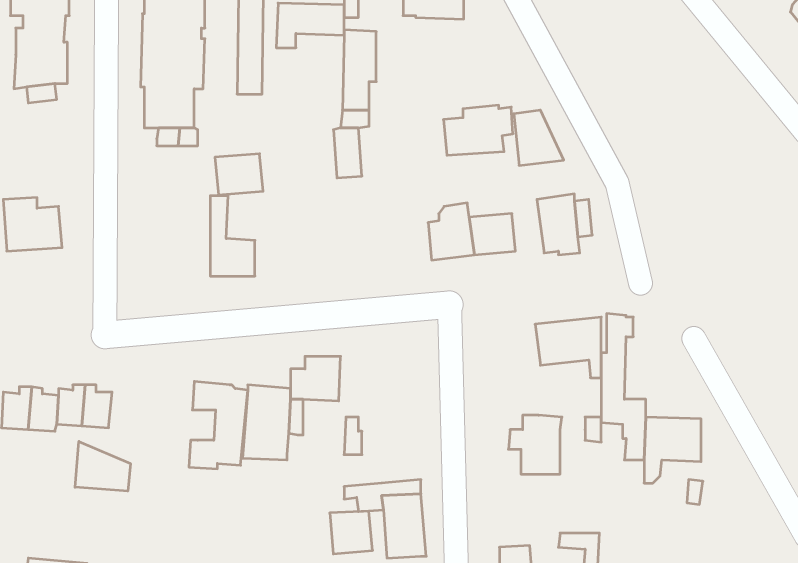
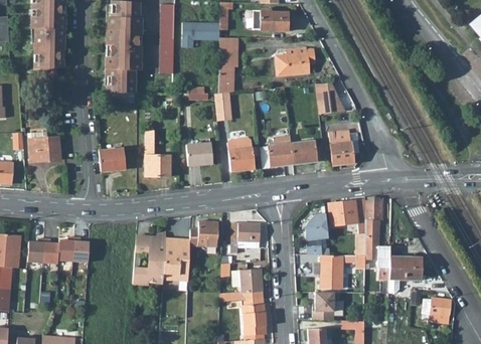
building: [443,105,513,155] -> [276,47,315,75]
building: [215,154,263,195] -> [186,143,213,166]
building: none -> [227,138,255,171]
building: none -> [99,148,126,172]
building: none -> [306,213,330,254]
building: none -> [231,222,261,253]
building: [75,441,130,491] -> none
building: none -> [313,292,339,320]
building: none -> [429,297,452,323]
building: [330,511,373,554] -> [239,269,264,293]

